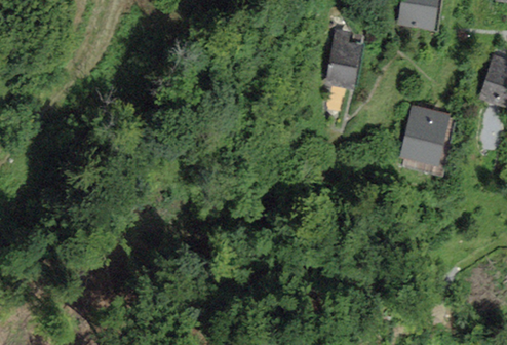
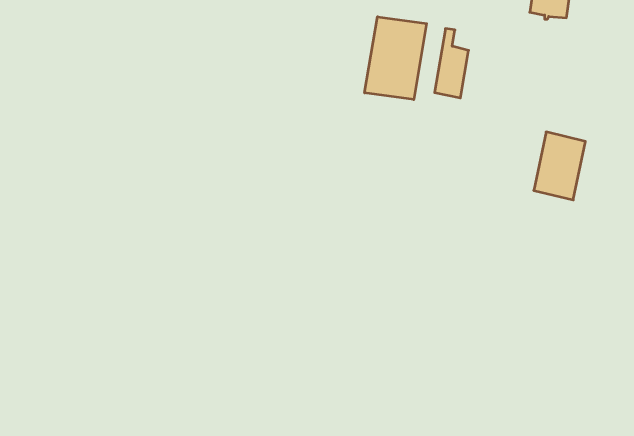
building: none -> [365,17,427,100]

